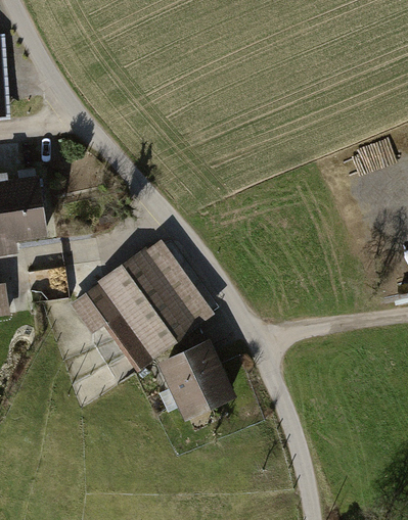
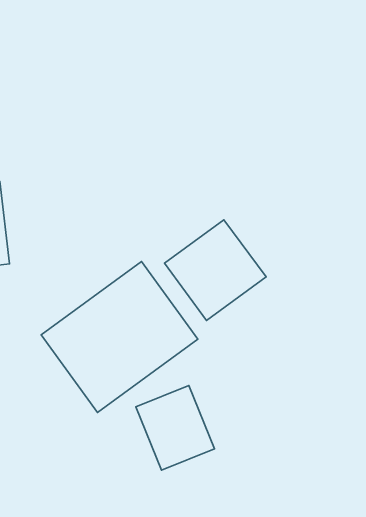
building: none -> [164,220,266,320]

